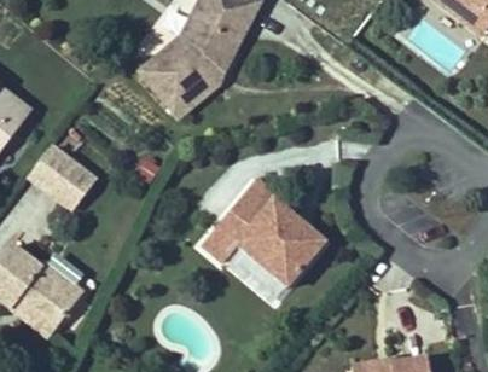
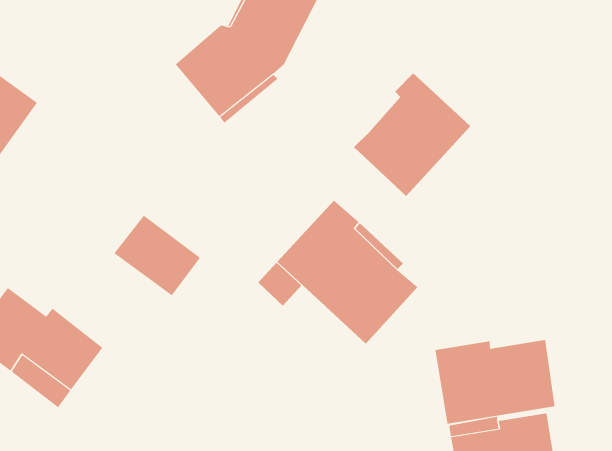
building: none -> [353,73,471,197]
building: [31,145,98,207] -> [113,215,201,296]
building: none -> [435,339,555,424]

